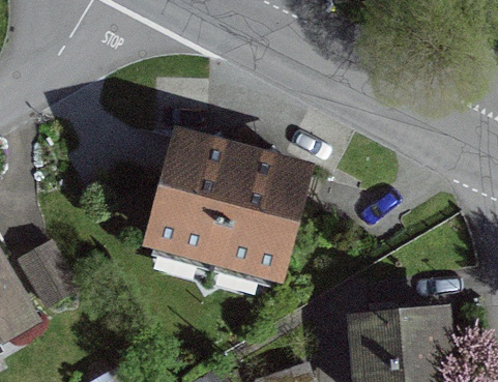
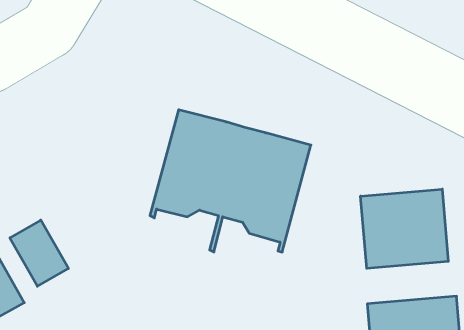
building: none -> [361,189,448,268]

